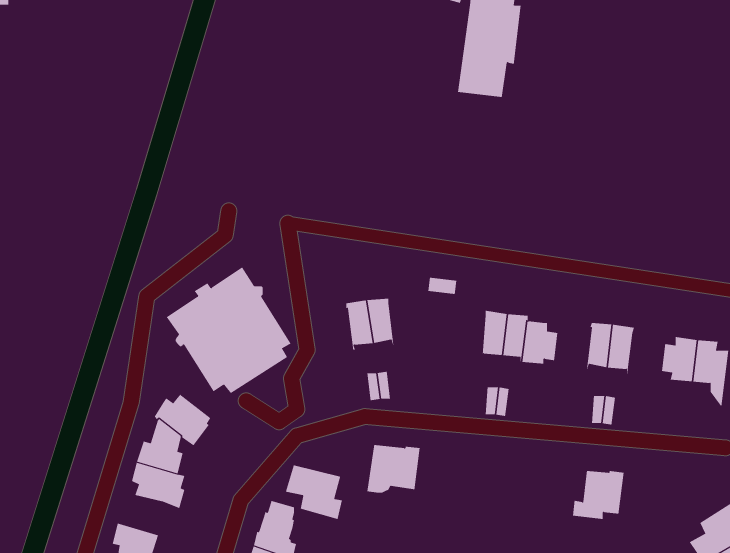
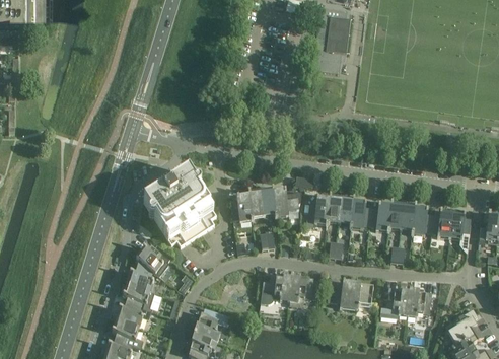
building: none -> [273,189,301,215]
building: none -> [230,194,252,220]
building: none -> [305,197,329,225]
building: none -> [369,204,390,229]
building: none -> [412,208,433,233]
building: none -> [288,275,313,305]
building: none -> [327,281,373,307]
building: [285,465,343,520] -> none
building: none -> [407,289,431,315]
building: none -> [115,302,143,326]

